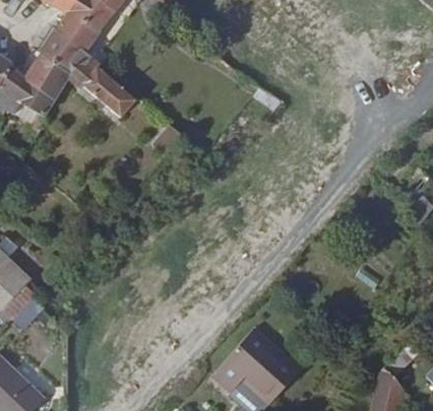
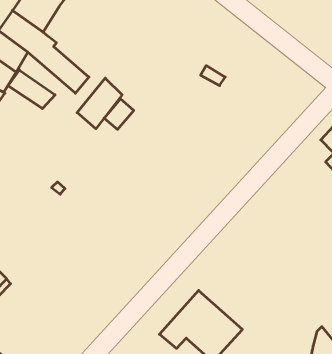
building: none -> [8,70,55,109]
building: none -> [77,78,122,129]

